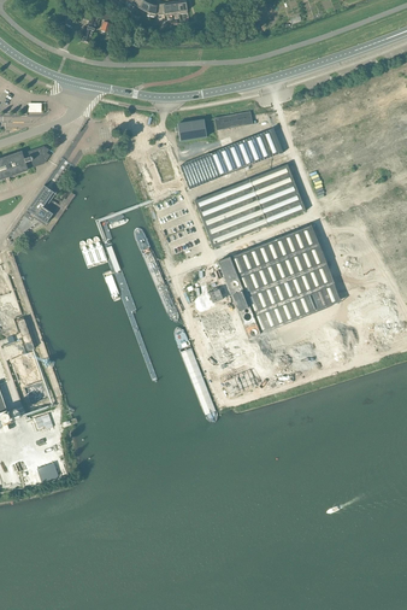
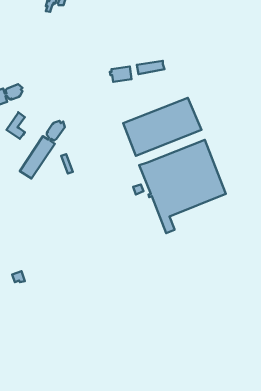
building: [179,127,283,187] -> none
building: none -> [20,121,65,178]

